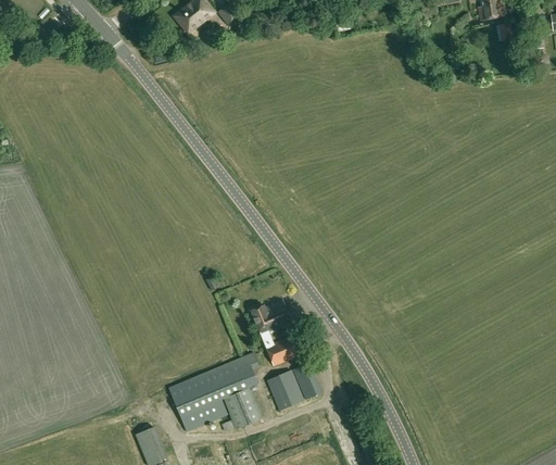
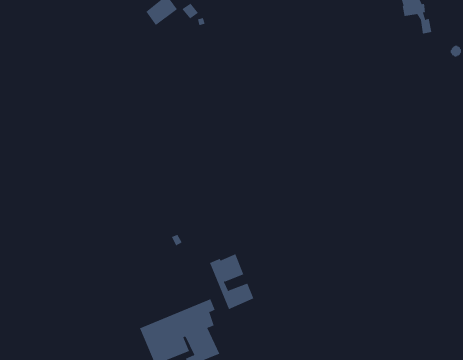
building: [266,363,320,410] -> none

